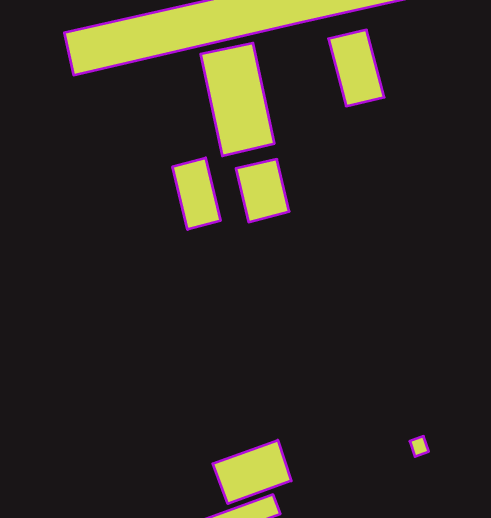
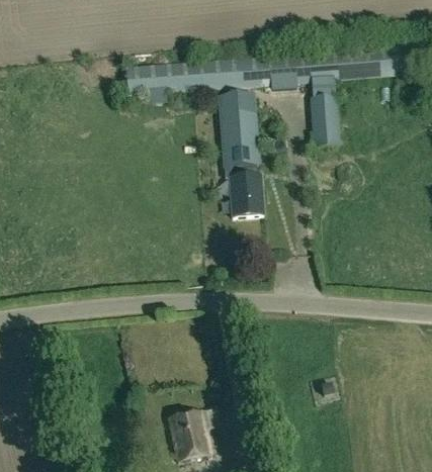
building: [173,158,220,230] -> none
building: [213,440,291,504] -> none

